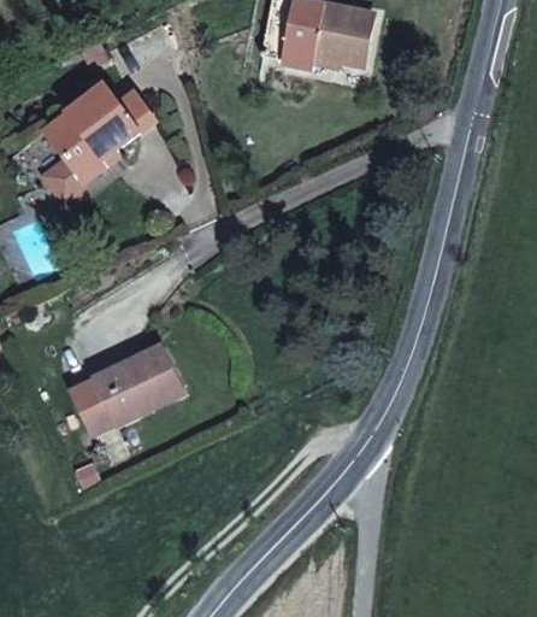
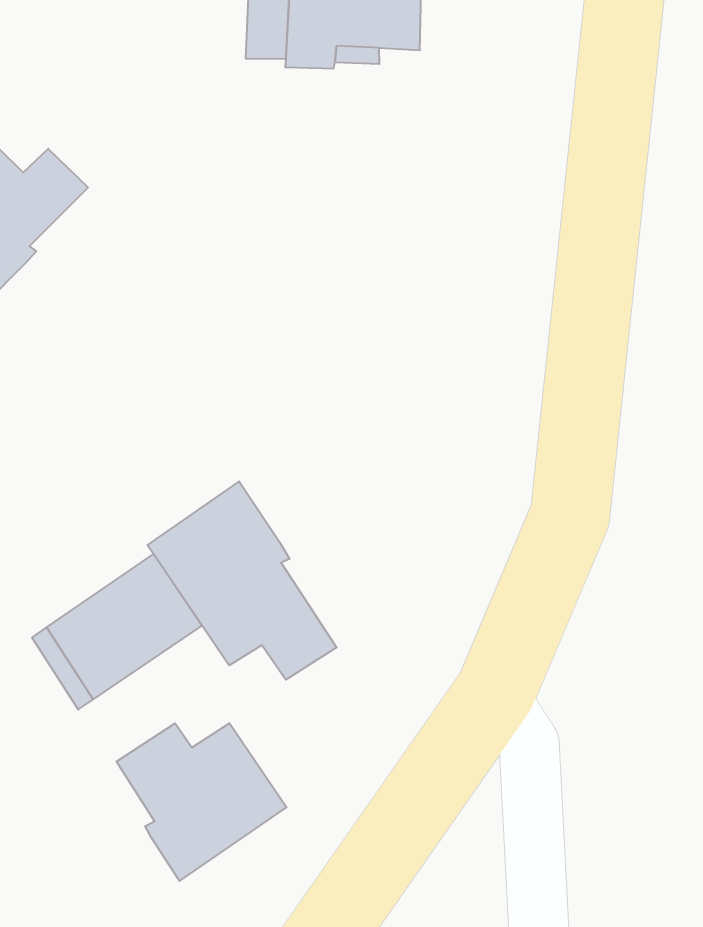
building: none -> [148,481,337,680]
building: none -> [116,723,287,881]

